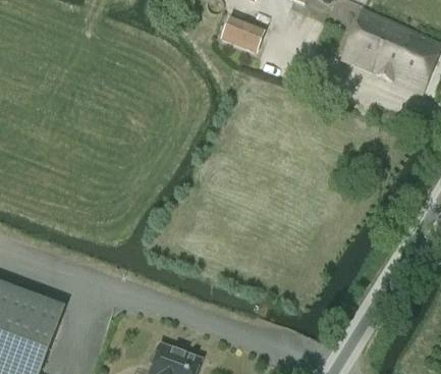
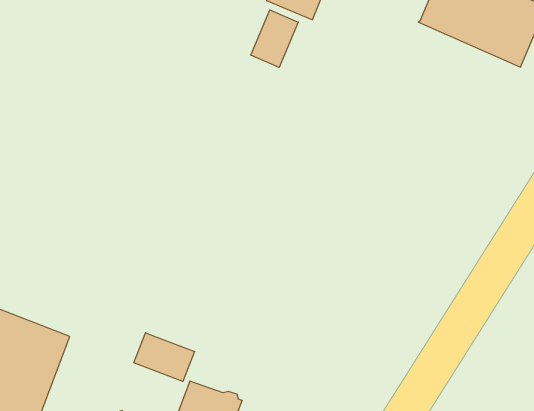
building: none -> [251,10,298,67]
building: none -> [134,333,195,381]

